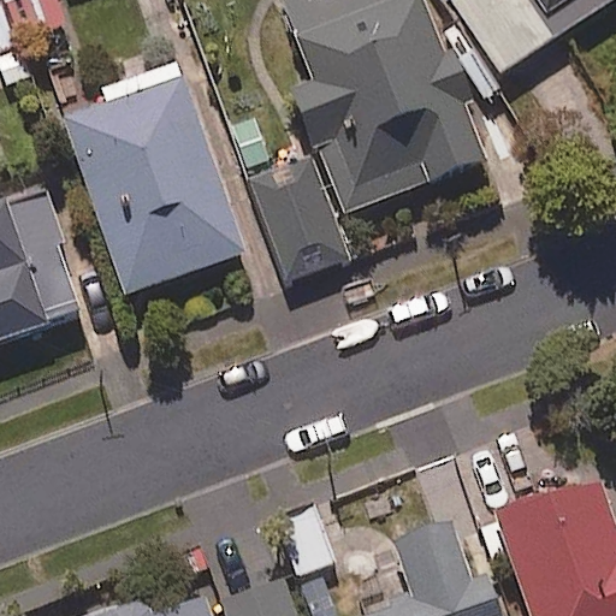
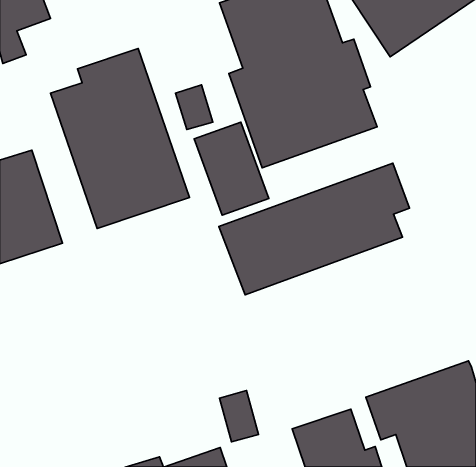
building: none -> [219,163,410,295]

